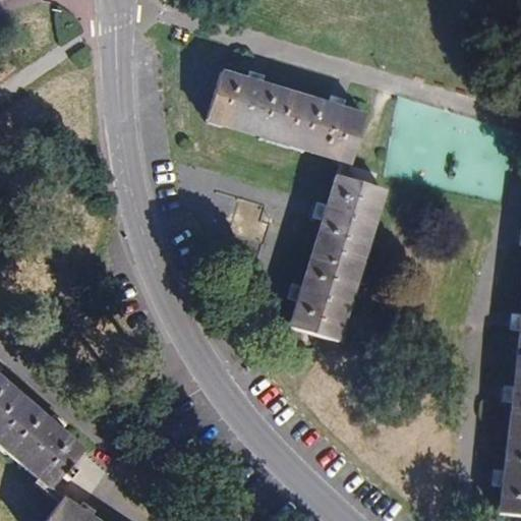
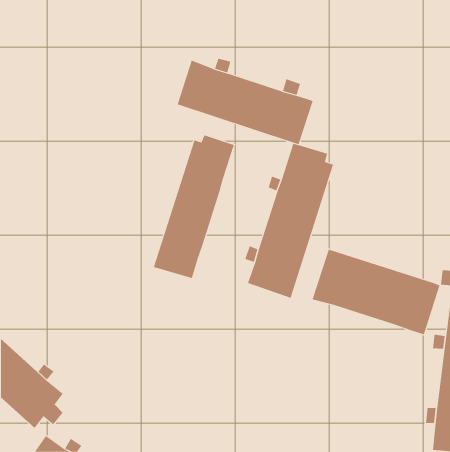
building: none -> [153,134,235,279]
building: none -> [312,249,440,335]

